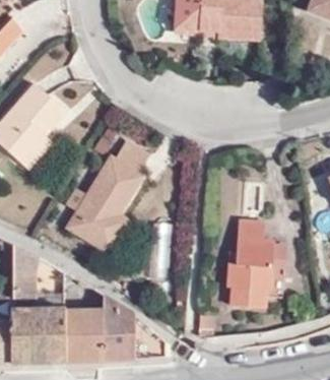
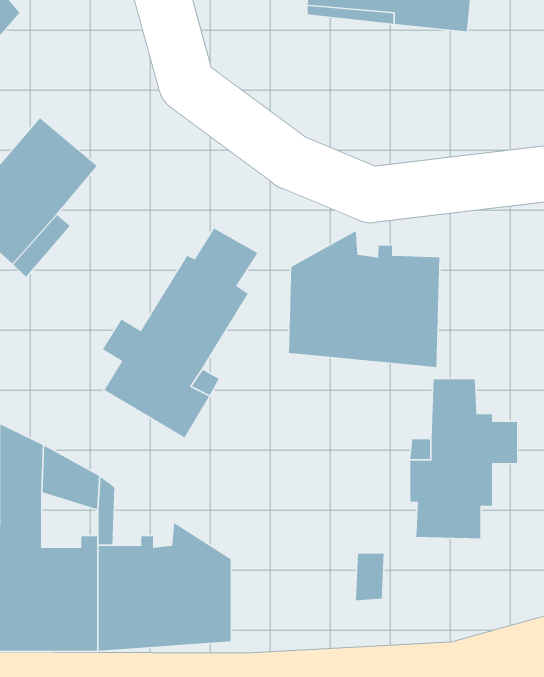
building: none -> [288,230,440,368]

